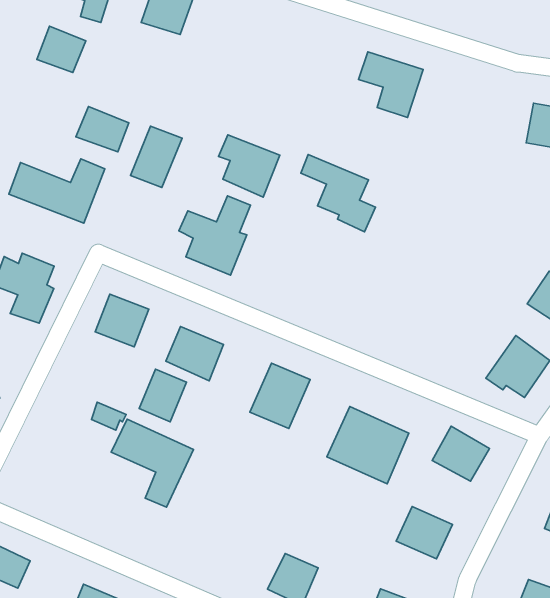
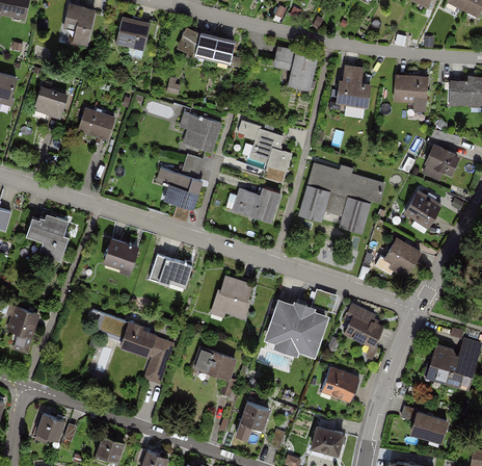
building: none -> [175,32,233,69]
building: [37,26,86,73] -> [33,83,66,114]
building: none -> [336,70,369,111]
building: [130,126,182,188] -> none
building: [9,159,105,223] -> none
building: none -> [297,167,384,238]
building: none -> [231,193,279,228]
building: [139,369,186,422] -> none
building: none -> [193,342,237,392]

